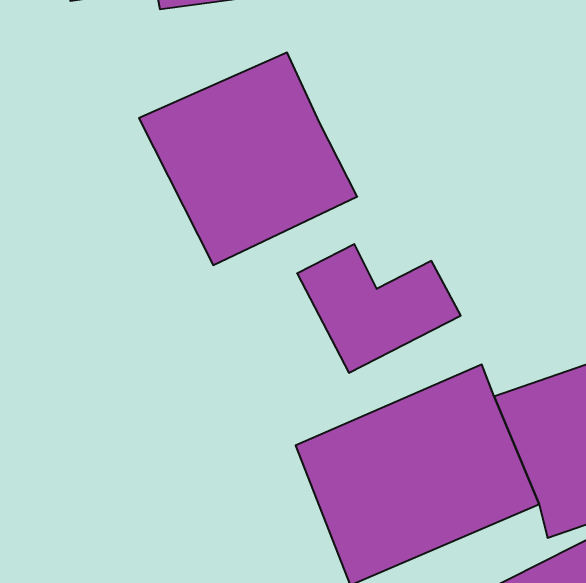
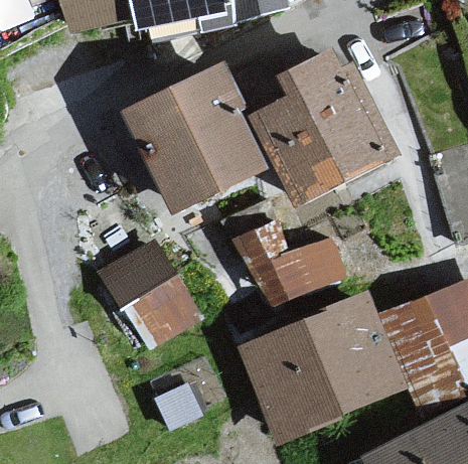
building: none -> [251,49,400,208]
building: none -> [99,218,201,332]

